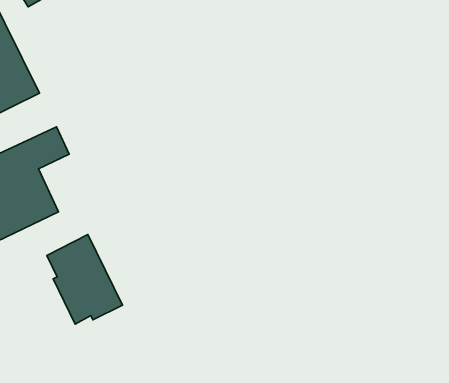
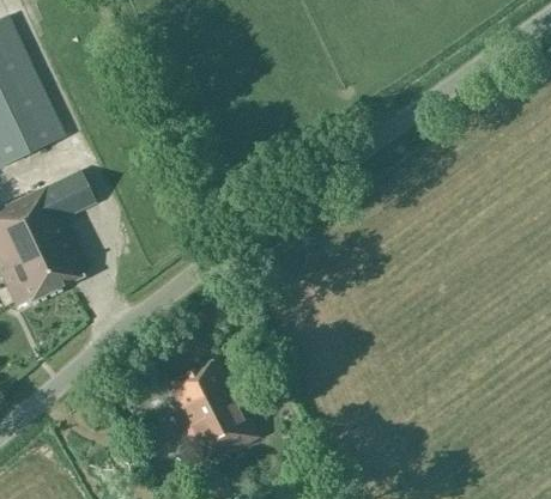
building: [47,235,122,324] -> [169,357,255,458]

